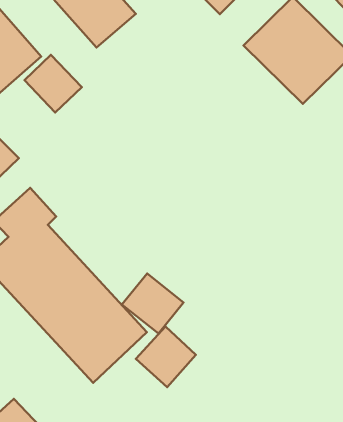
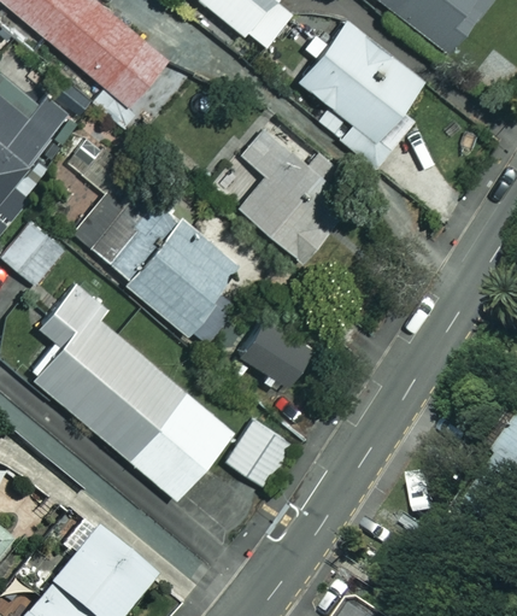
building: none -> [235,128,349,251]
building: none -> [90,188,253,340]
building: [122,274,183,333] -> [241,316,312,383]

